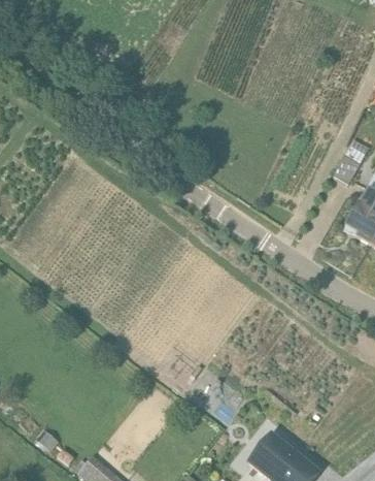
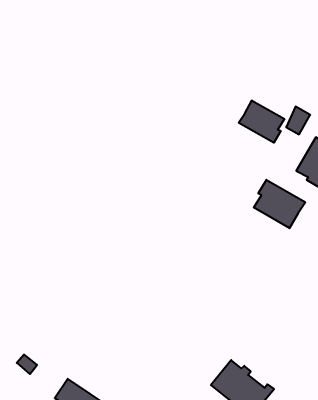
building: none -> [239,100,284,143]
building: none -> [254,180,305,228]

